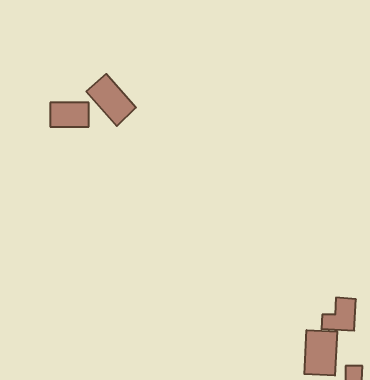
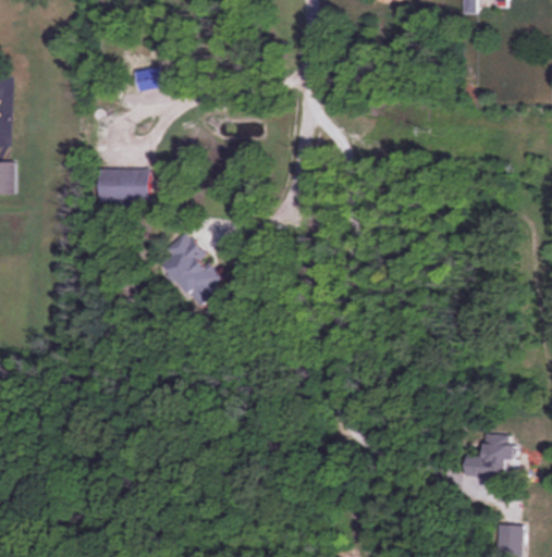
building: [86,74,136,126] -> [158,234,225,305]
building: [304,330,337,376] -> none

